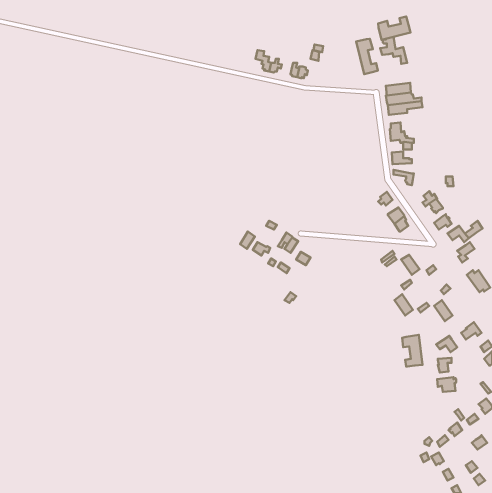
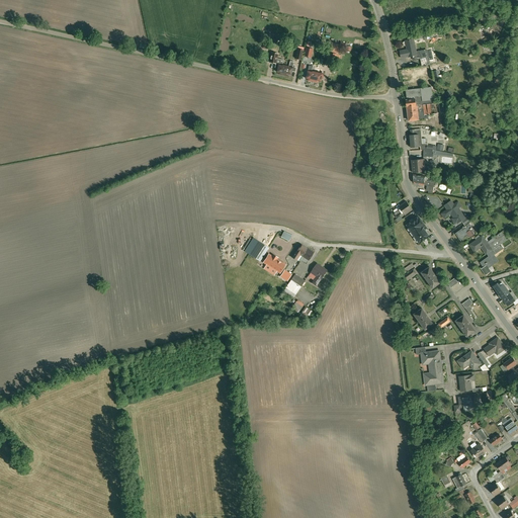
building: [378,17,410,40] -> none
building: [356,39,378,74] -> none

